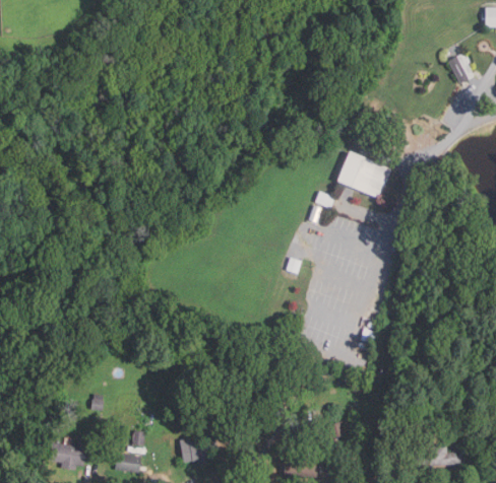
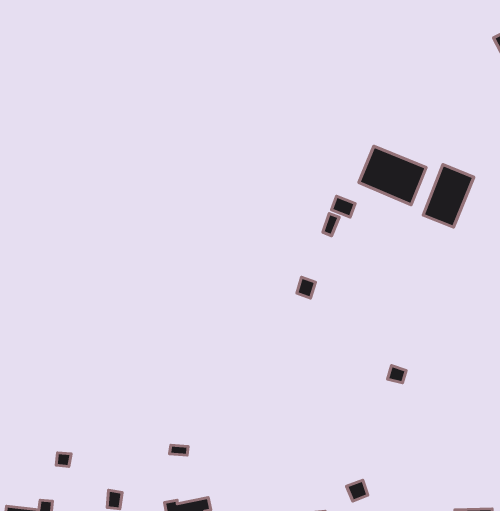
building: none -> [423,164,474,227]

